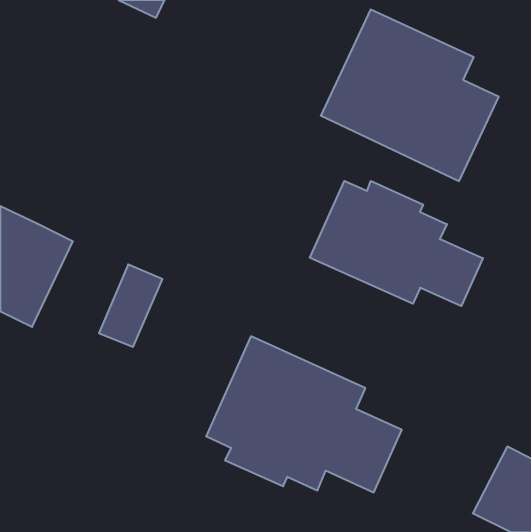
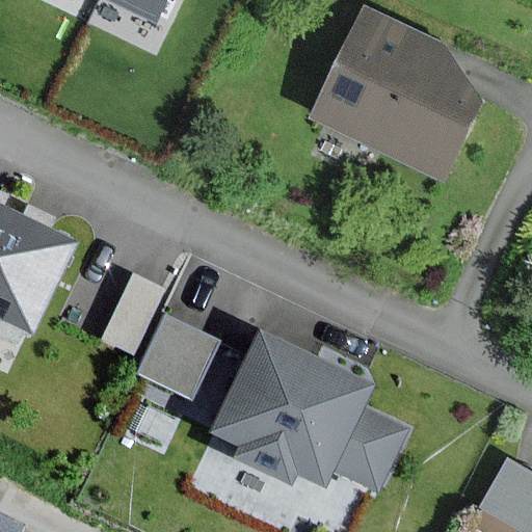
building: [310,181,483,306] -> none
building: none -> [138,322,213,403]

